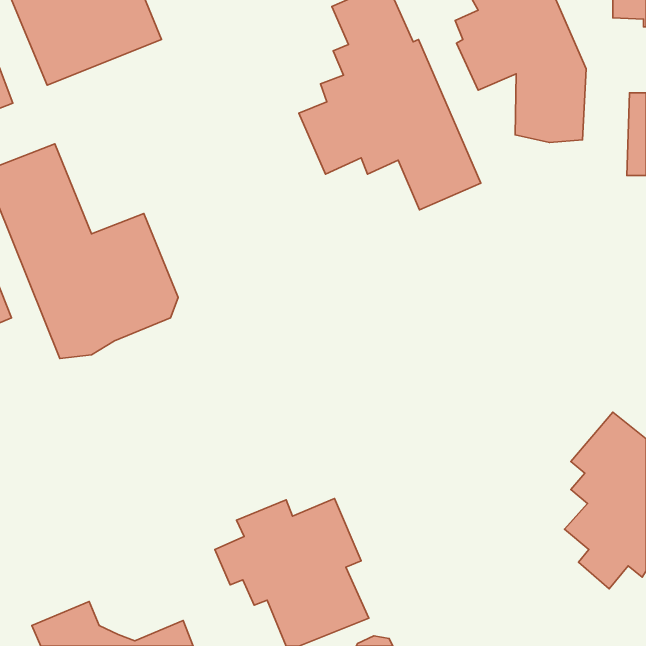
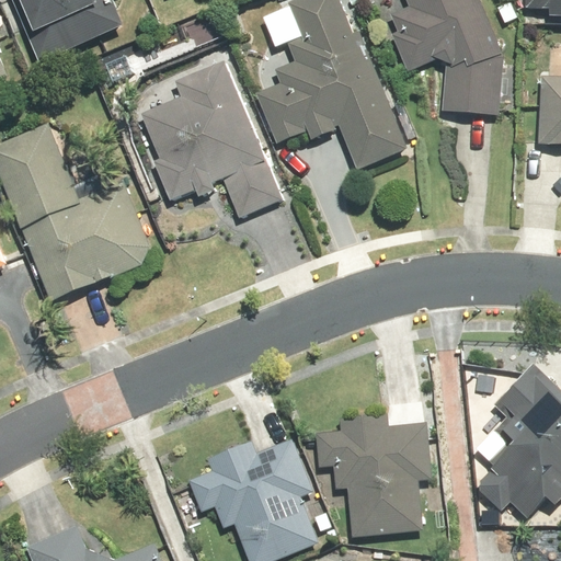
building: none -> [141,64,285,224]
building: none -> [312,404,428,527]

